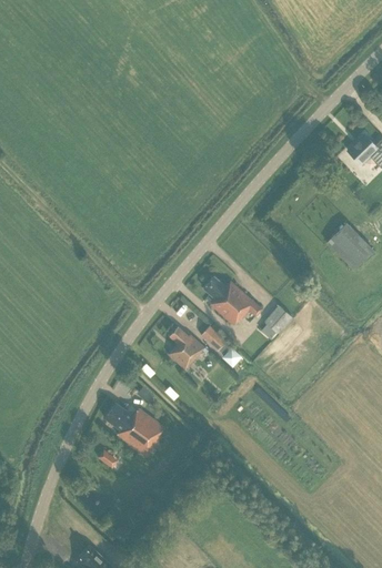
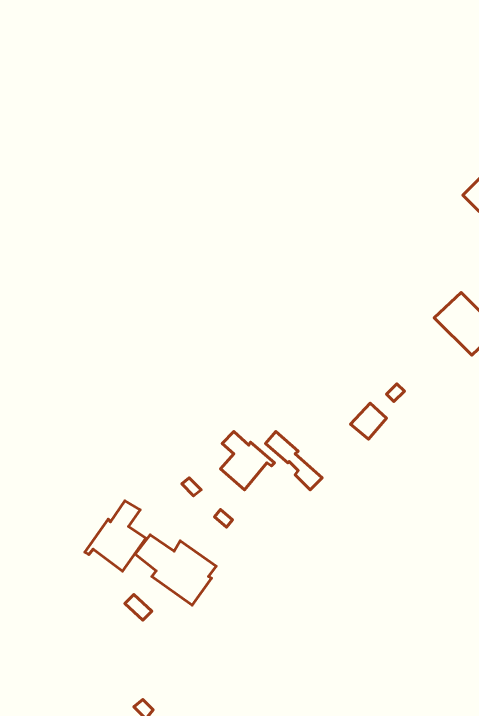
building: [202,276,261,324] -> none
building: none -> [85,501,146,571]

